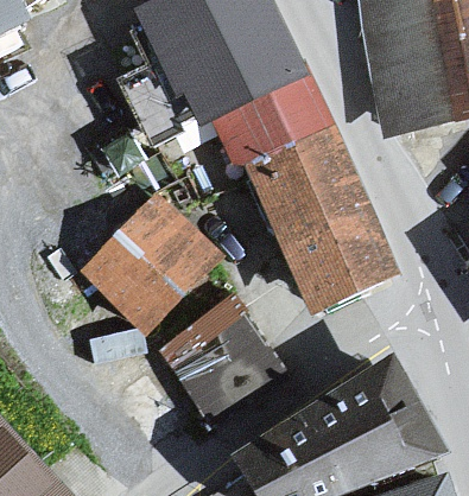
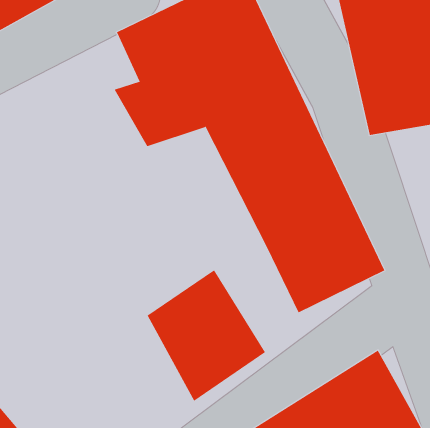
building: [77,185,223,335] -> none

